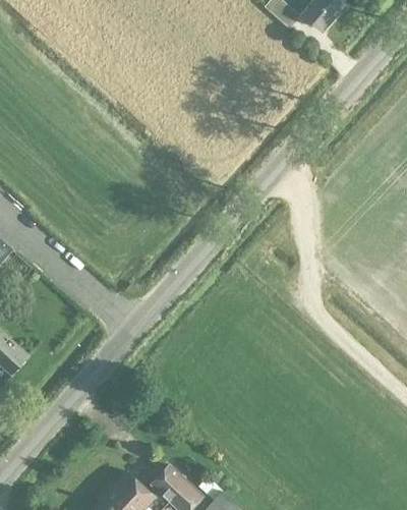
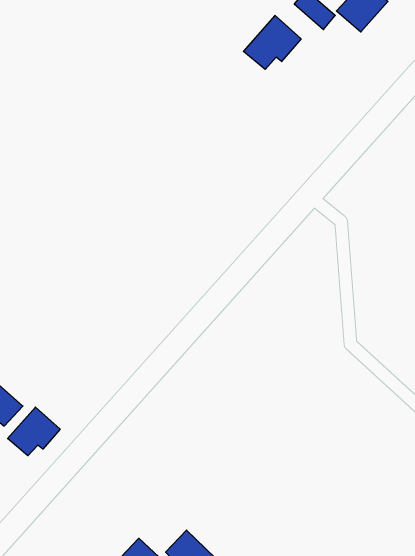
building: none -> [243,15,301,69]
building: none -> [8,407,60,456]

